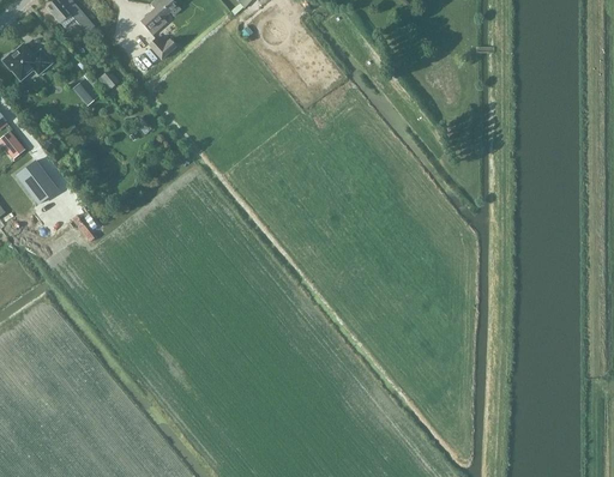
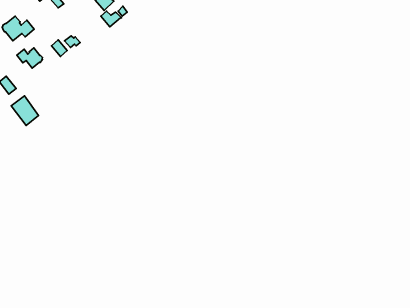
building: none -> [17,48,43,68]

